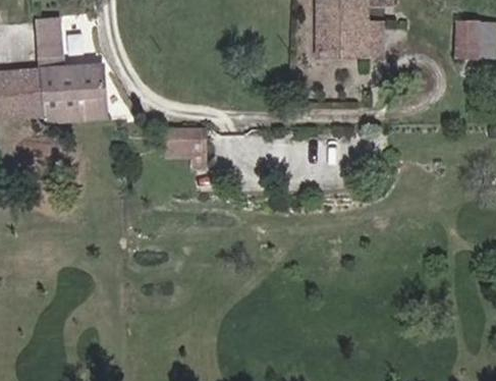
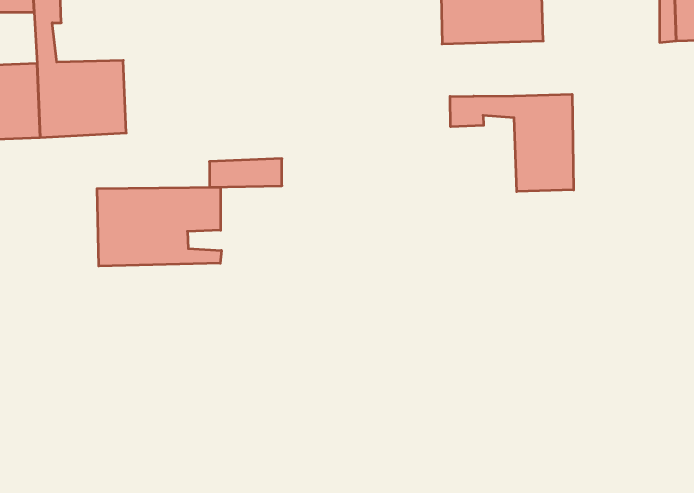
building: none -> [450,94,574,192]
building: none -> [97,187,221,266]

